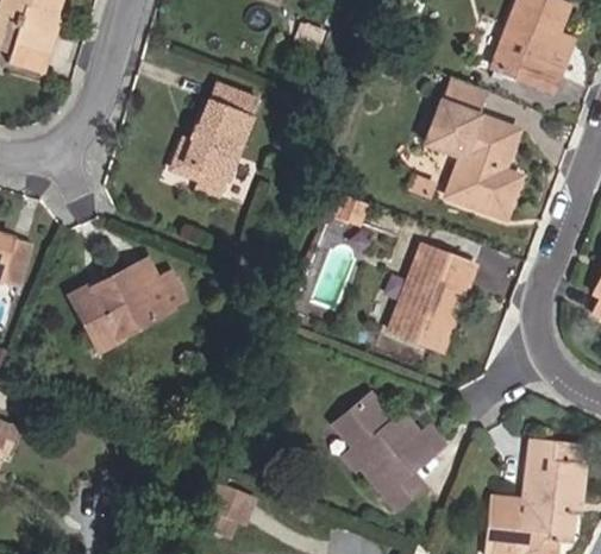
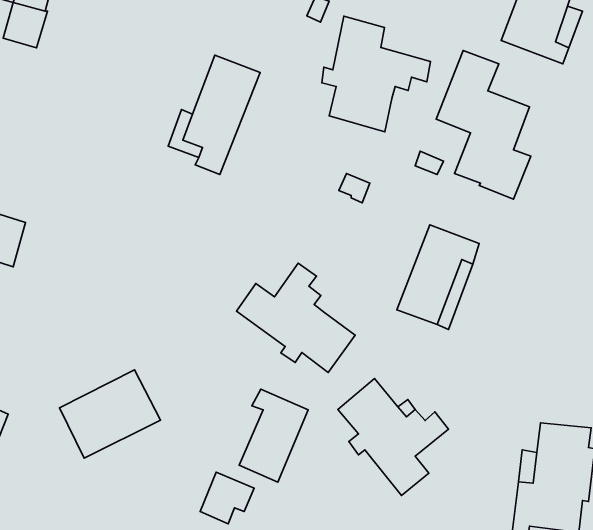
building: none -> [322,16,430,132]
building: [73,260,170,346] -> [60,370,160,458]
building: none -> [237,263,355,373]
building: none -> [239,389,308,482]

